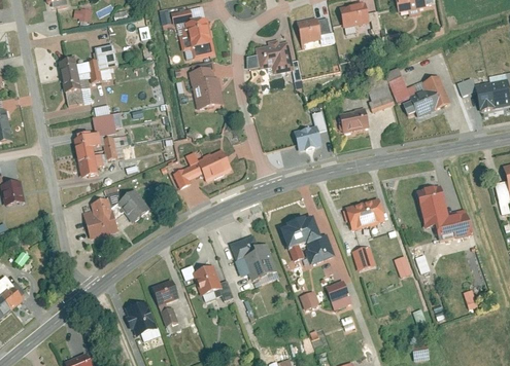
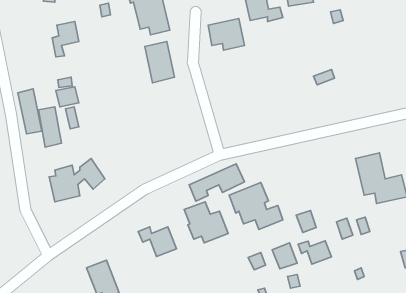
building: [59,57,84,105] -> [18,89,42,134]
building: [388,74,452,117] -> none
building: [339,107,369,131] -> none
building: [294,110,328,150] -> none
building: [171,151,231,191] -> [189,164,245,201]
building: [345,197,386,229] -> none
building: none -> [298,241,331,264]
building: [151,279,179,325] -> none

